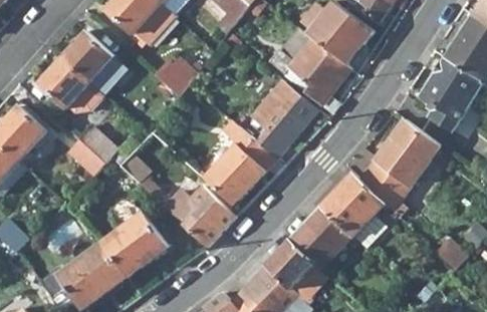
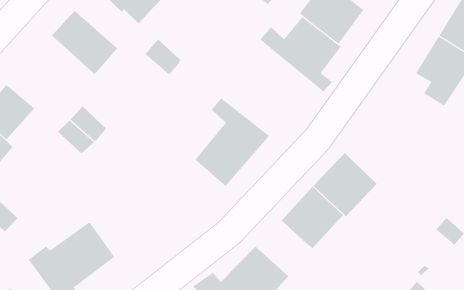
building: [39,57,105,112] -> none
building: [253,79,318,157] -> none
building: [359,119,441,211] -> none
building: [117,132,235,246] -> none
building: [100,211,167,276] -> none
building: [264,240,327,302] -> none

